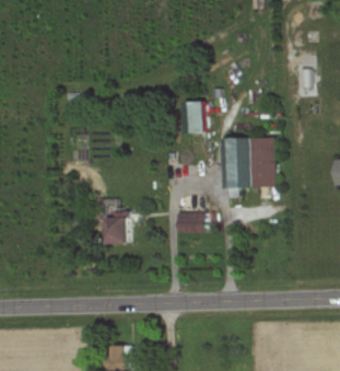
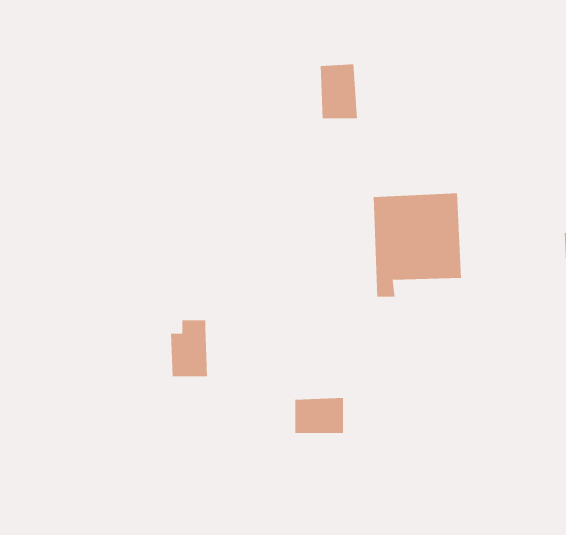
building: [183,101,204,132] -> [320,64,358,119]
building: [176,211,204,232] -> [294,398,344,434]

